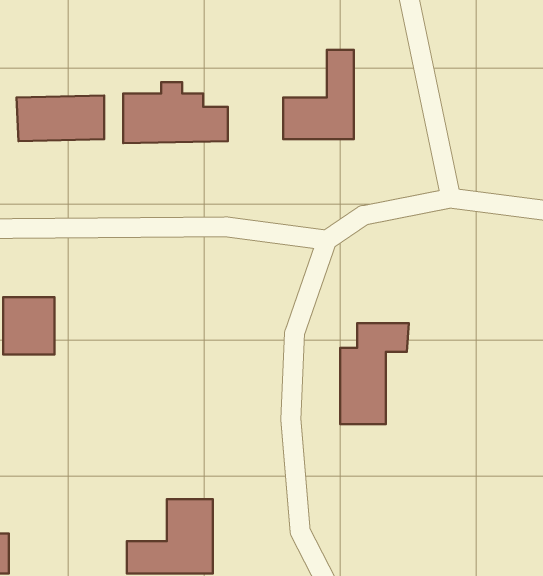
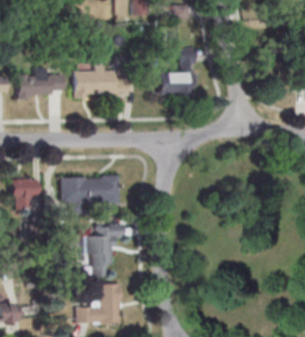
building: none -> [61,176,119,214]
building: [340,323,409,424] -> [88,223,124,276]

